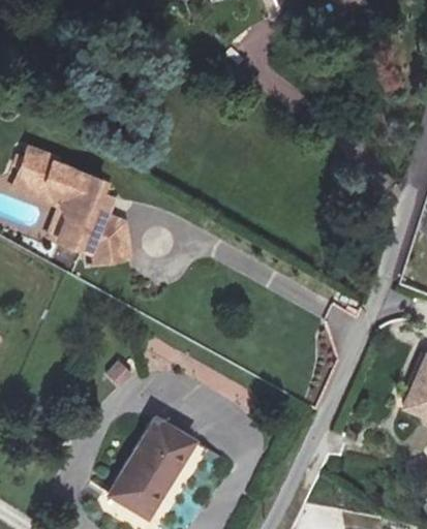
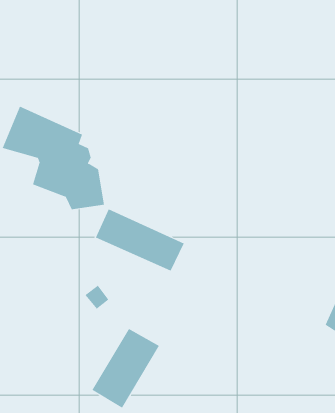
building: none -> [95,209,185,272]

